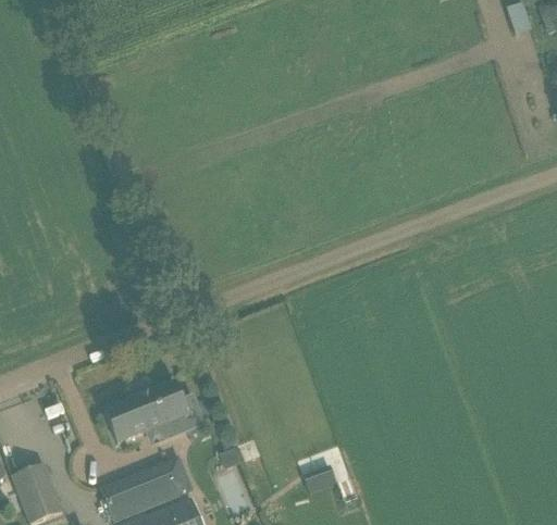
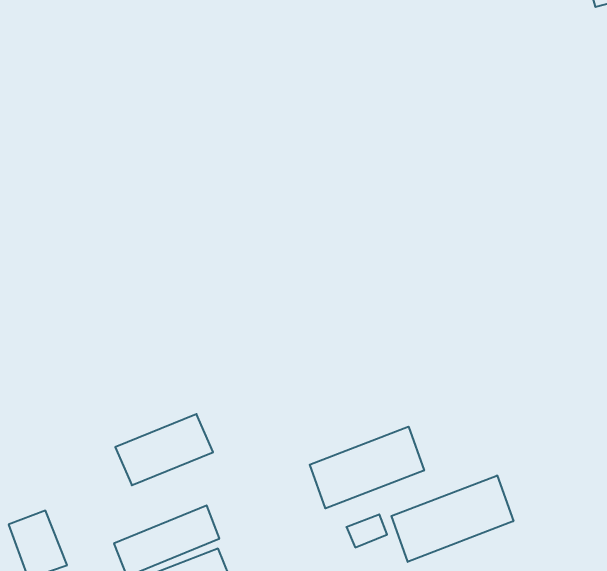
building: none -> [310,427,424,508]
building: none -> [391,475,513,562]

